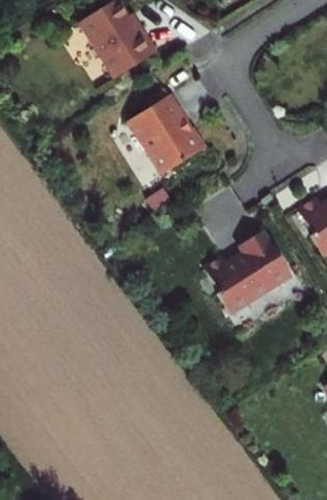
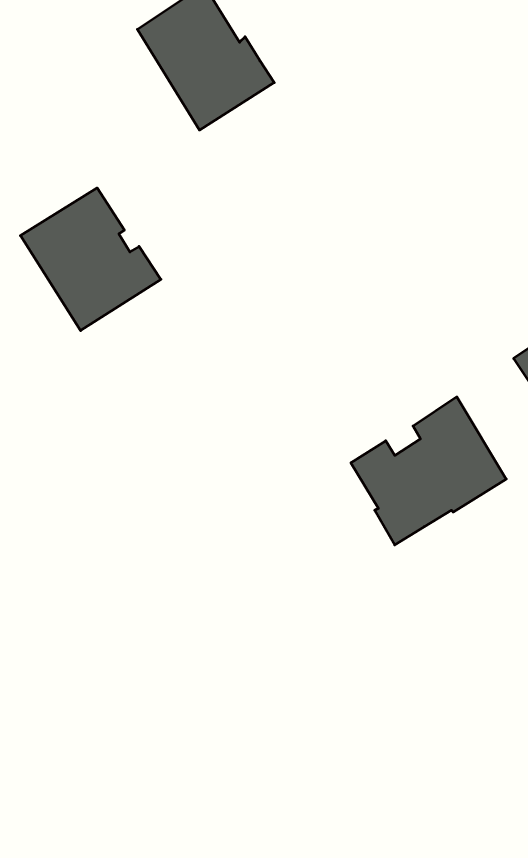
building: [130,94,209,174] -> [20,188,161,331]

